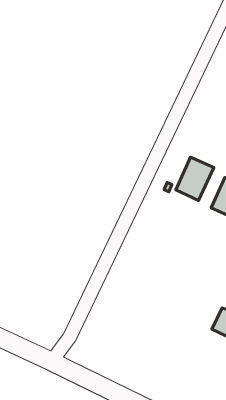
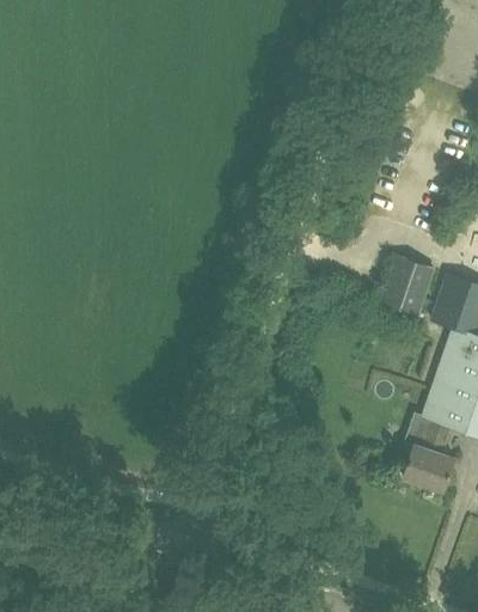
building: [176,157,214,201] -> none

